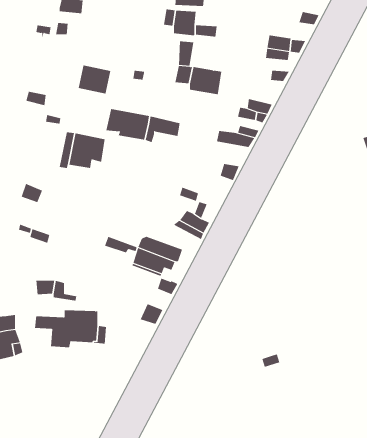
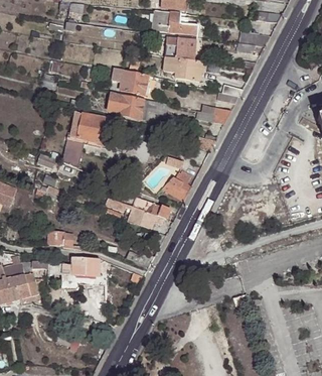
building: none -> [175,37,196,60]
building: [78,65,111,94] -> [120,70,147,94]
building: none -> [63,139,83,167]

